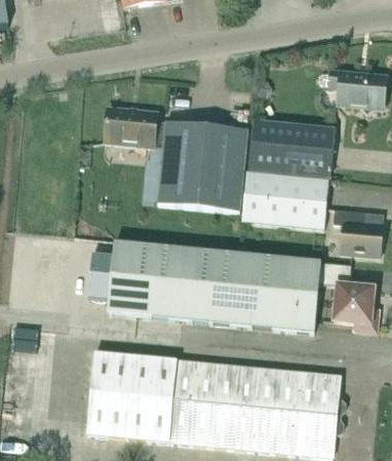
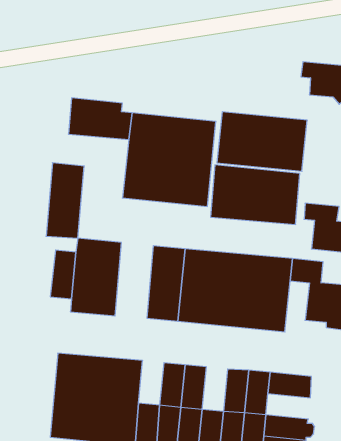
building: [149,245,186,318] -> [46,163,84,238]
building: [171,359,196,402] -> none
building: [233,366,258,409] -> none
building: [295,391,344,416] -> none

